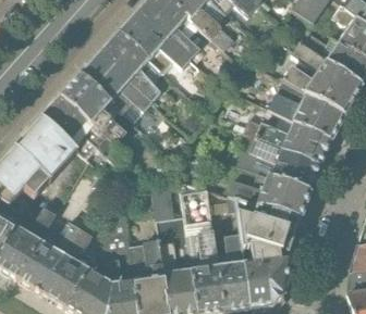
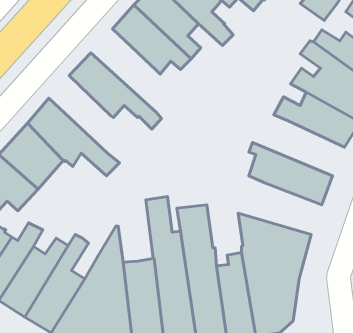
building: [100,30,169,106] -> none
building: [62,73,127,143] -> none
building: [243,114,331,164] -> none
building: [228,171,310,217] -> none

